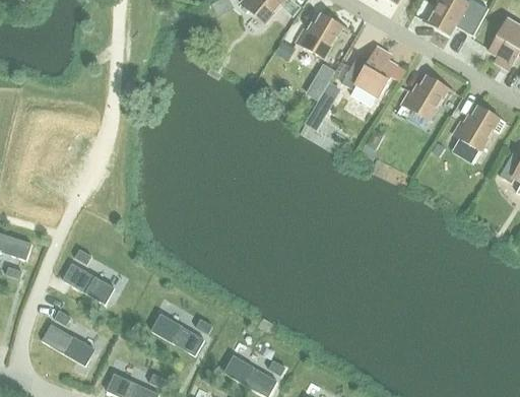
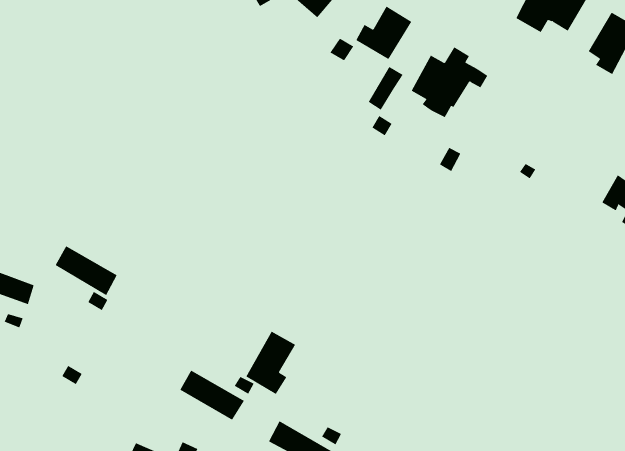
building: [400,74,448,120] -> none
building: [452,105,505,149] -> none
building: [62,262,114,304] -> [55,245,117,296]
building: none -> [246,331,296,395]
building: [41,323,93,365] -> none

